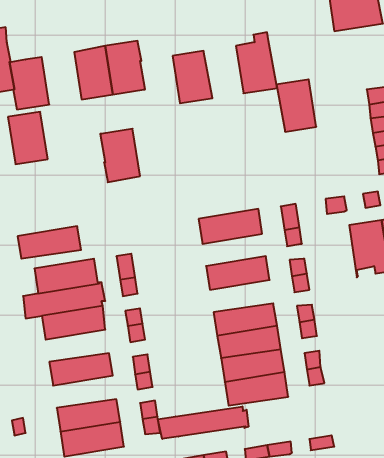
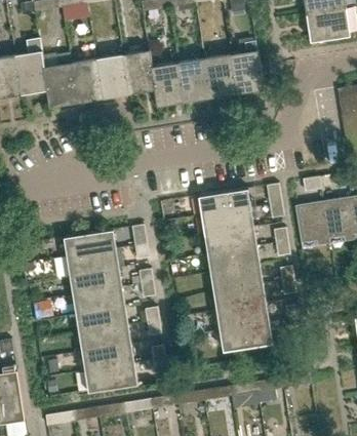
building: [276,79,316,132] -> [203,54,236,97]
building: [8,112,48,164] -> [70,60,103,103]
building: [100,129,140,182] -> [151,63,184,107]
building: none -> [294,202,329,249]
building: [18,226,81,259] -> [73,288,125,315]
building: none -> [202,209,254,236]
building: none -> [208,247,261,274]
building: none -> [79,326,131,353]
building: [158,406,248,439] -> none

